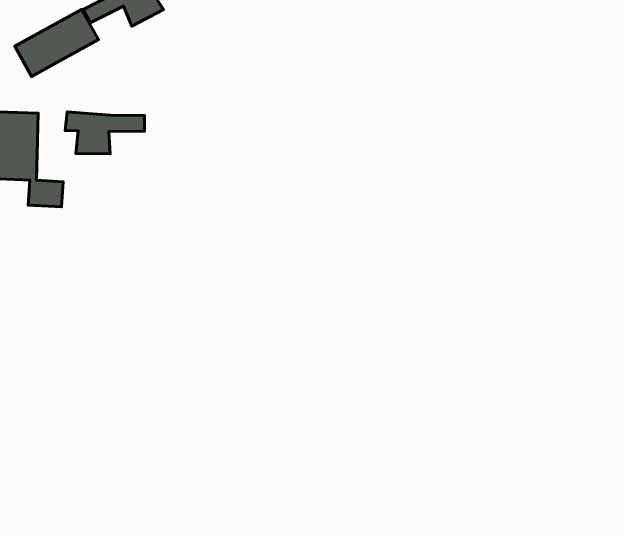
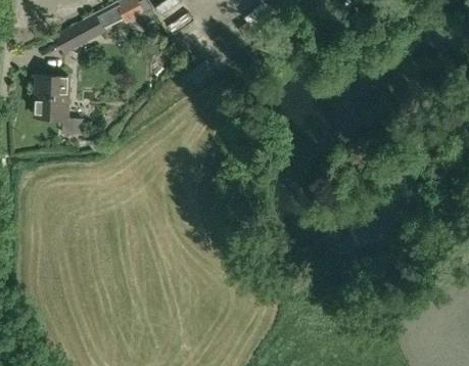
building: [65,112,145,154] -> none

